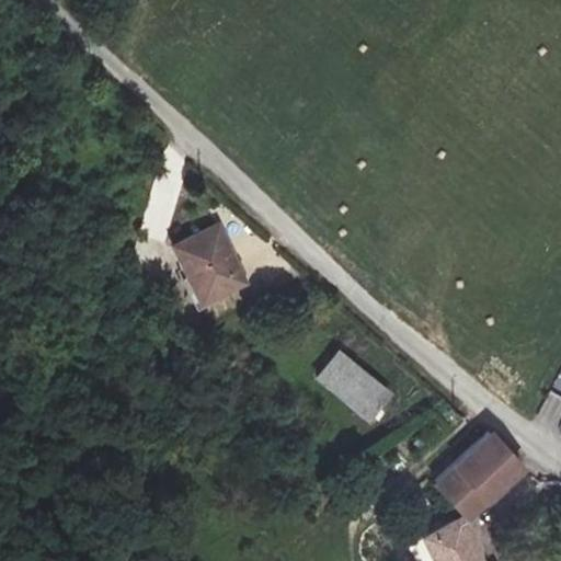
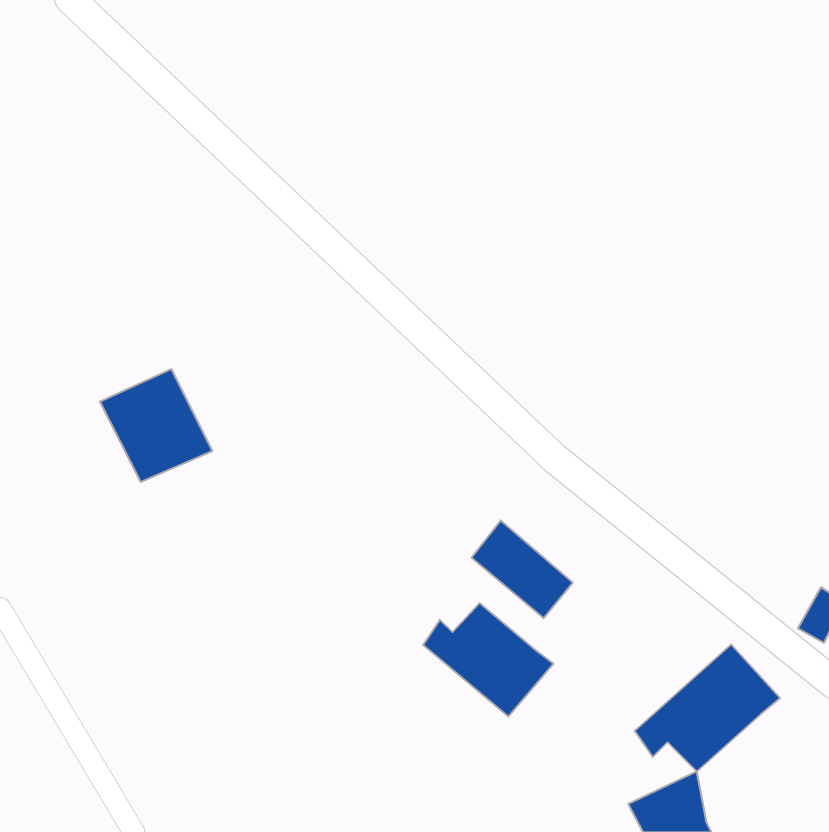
building: [174,230,250,306] -> [100,369,212,482]
building: none -> [423,603,553,717]

